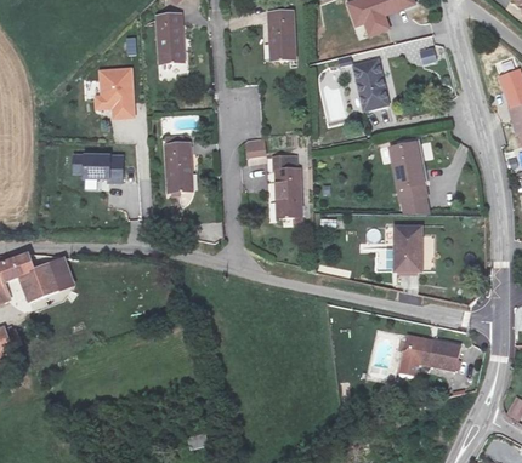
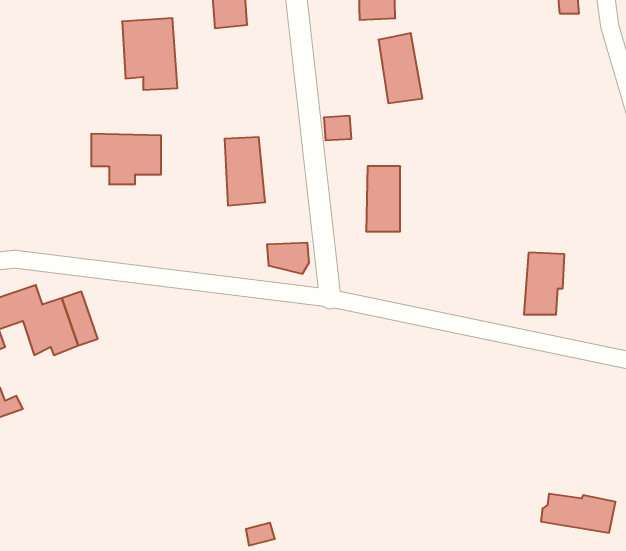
building: [358,63,391,115] -> [378,33,422,103]
building: [391,147,426,206] -> none
building: [405,336,461,365] -> [541,494,616,533]

